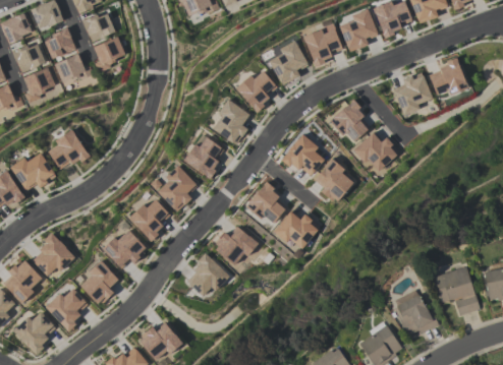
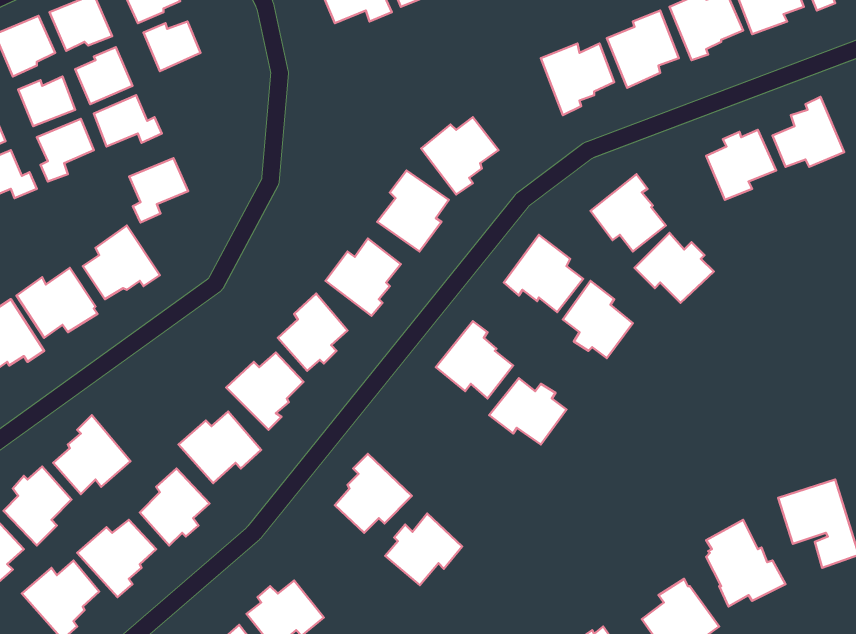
building: [93,37,125,72] -> [129,158,188,223]
building: [268,39,309,82] -> none
building: [212,227,255,266] -> [385,514,462,585]

